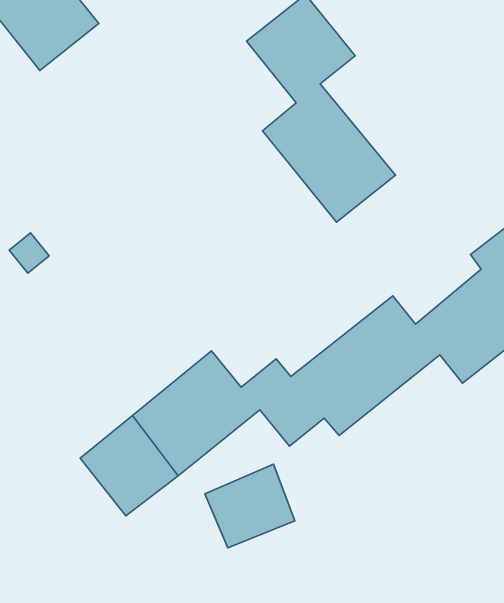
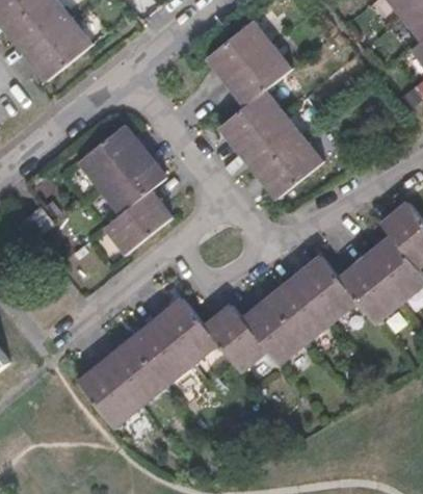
building: none -> [78,124,170,253]
building: [205,464,295,548] -> none

